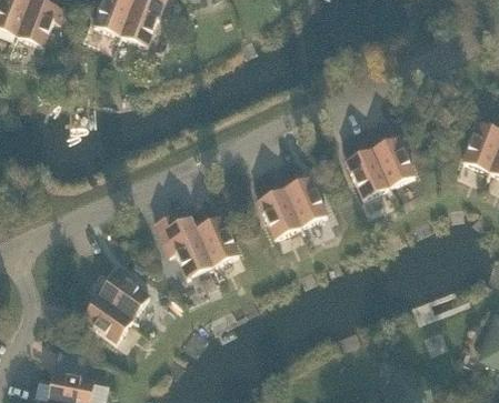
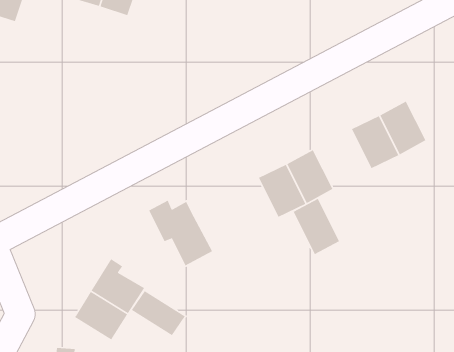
building: [196,214,239,263] -> none
building: none -> [292,198,340,255]
building: none -> [131,290,186,336]

